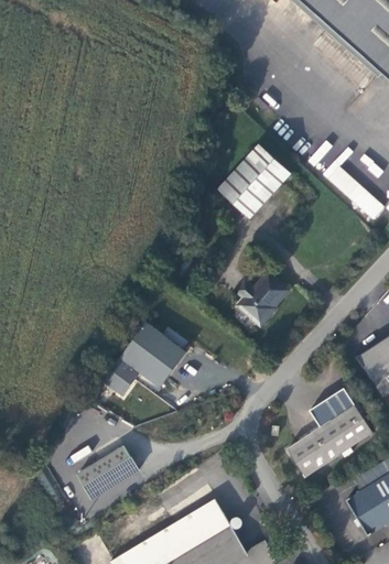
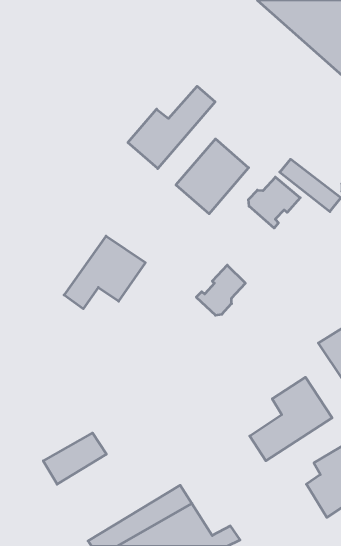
building: none -> [128,86,215,169]
building: none -> [248,177,300,228]
building: [101,323,185,398] -> [64,236,145,309]

